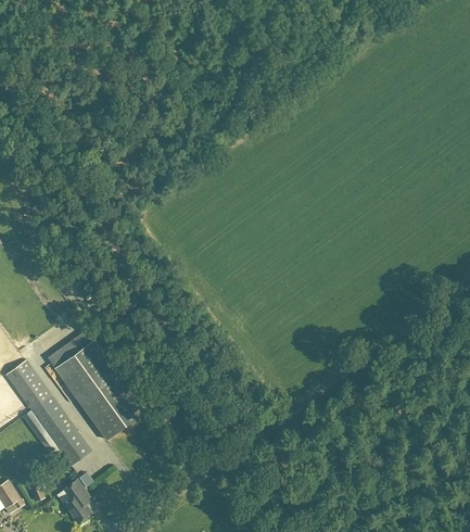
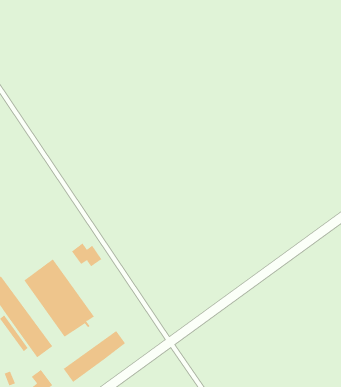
building: none -> [71,243,102,267]
building: none -> [63,330,126,383]

